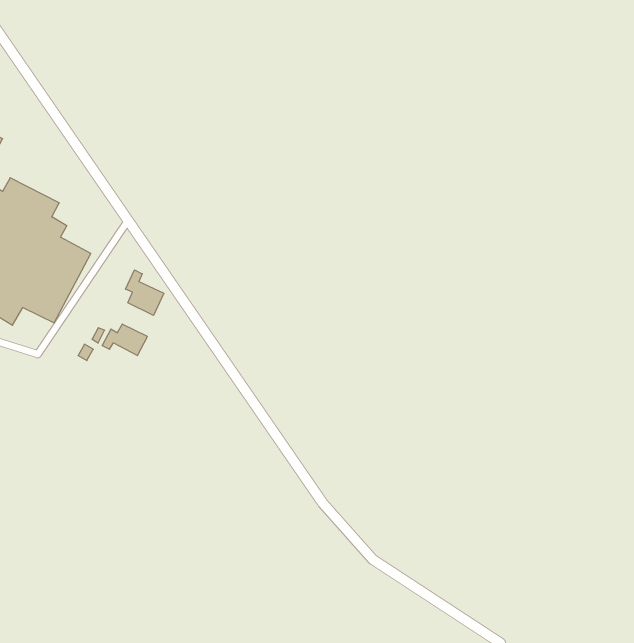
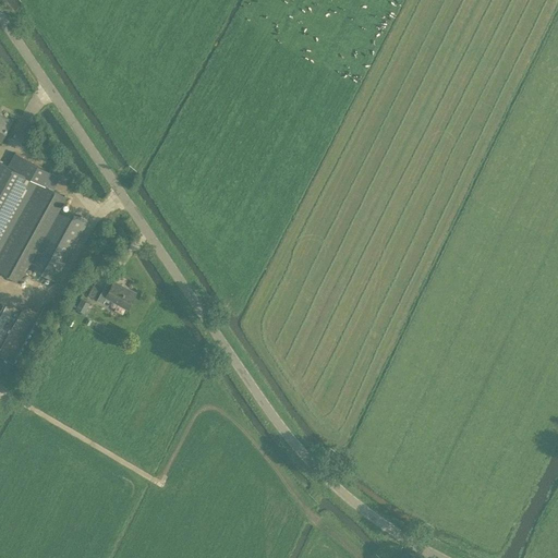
building: [126,270,164,315] -> none

